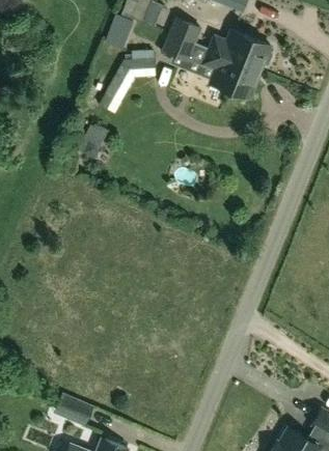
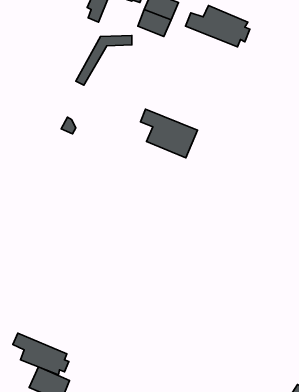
building: [203,51,261,100] -> [140,109,197,158]
building: none -> [13,333,69,375]

